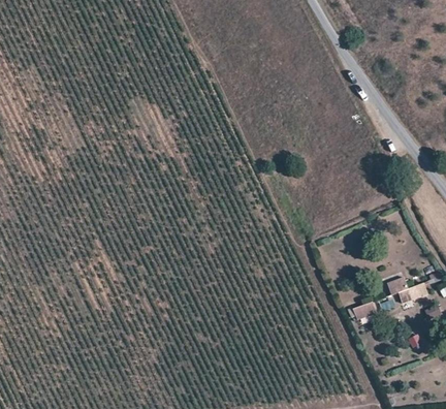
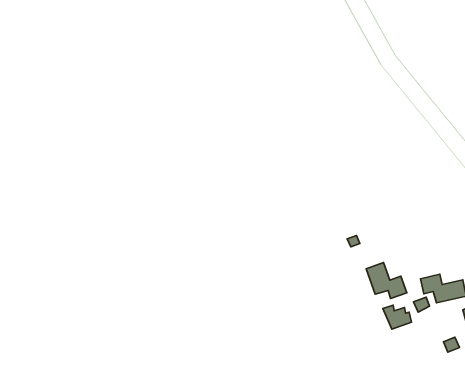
building: none -> [366,263,407,298]

